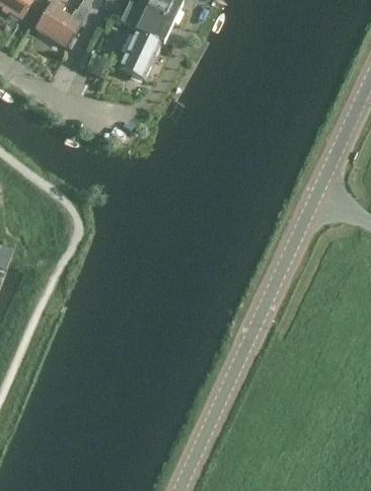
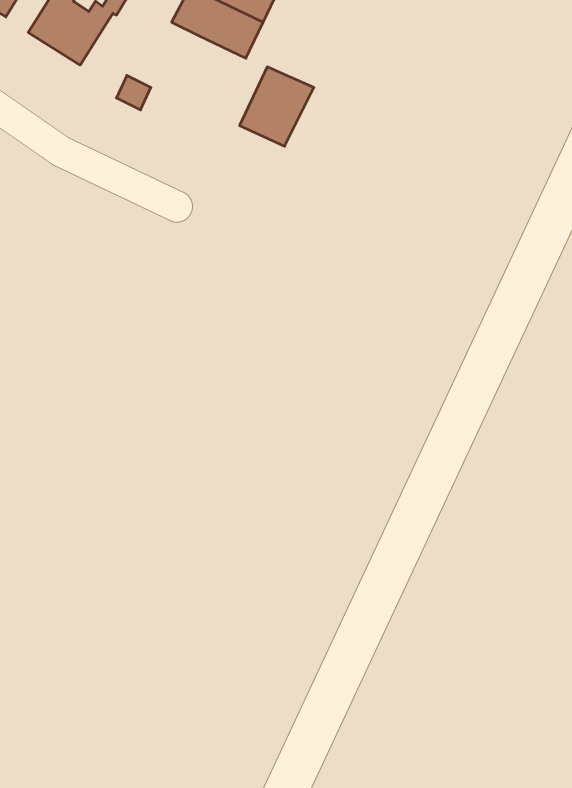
building: [118,32,161,79] -> [240,67,314,146]

